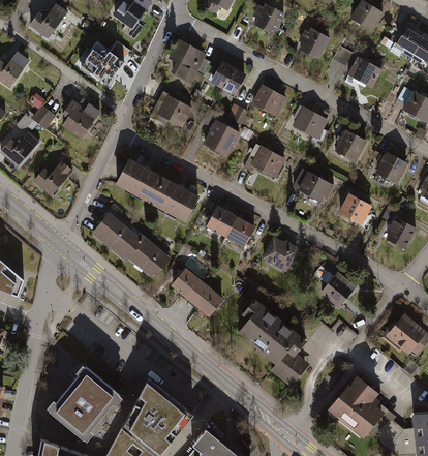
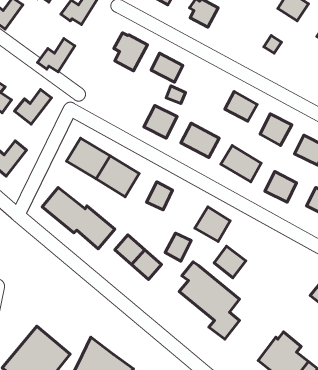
building: [297,28,330,61] -> none
building: [345,55,383,88] -> none
building: [251,85,286,117] -> none
building: [155,94,192,128] -> none
building: [223,215,252,246] -> [165,233,191,261]
building: [320,272,356,307] -> [214,246,246,278]

